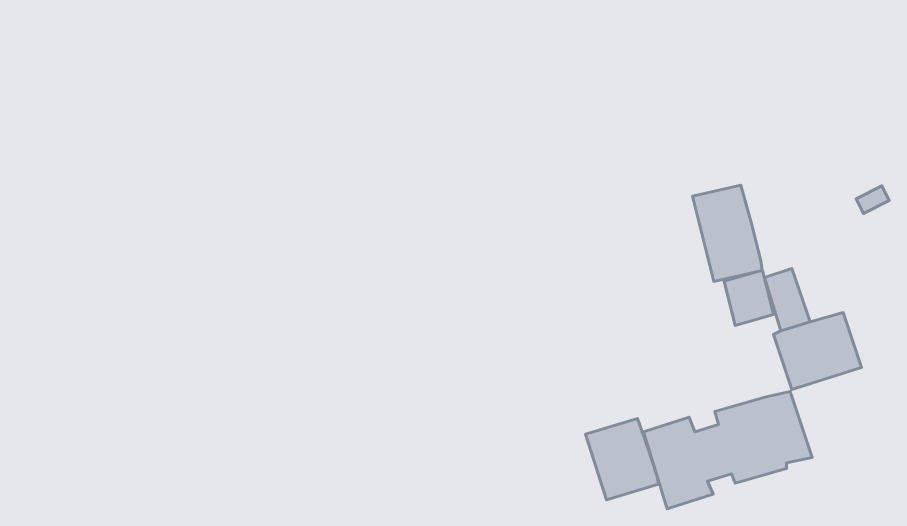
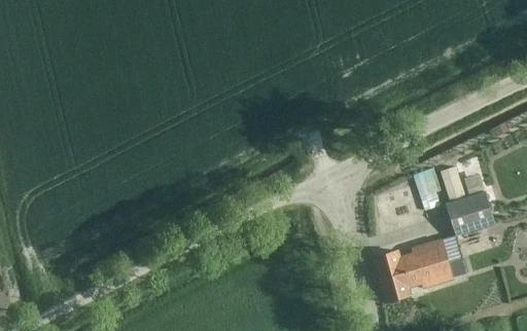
building: [693,185,762,281] -> none
building: [586,418,658,500] -> none

